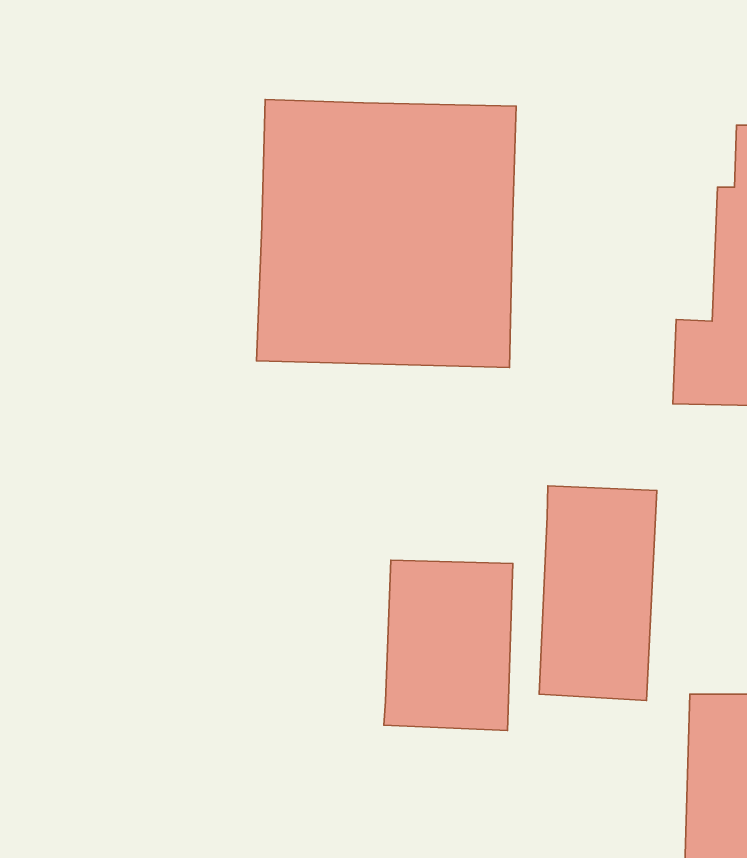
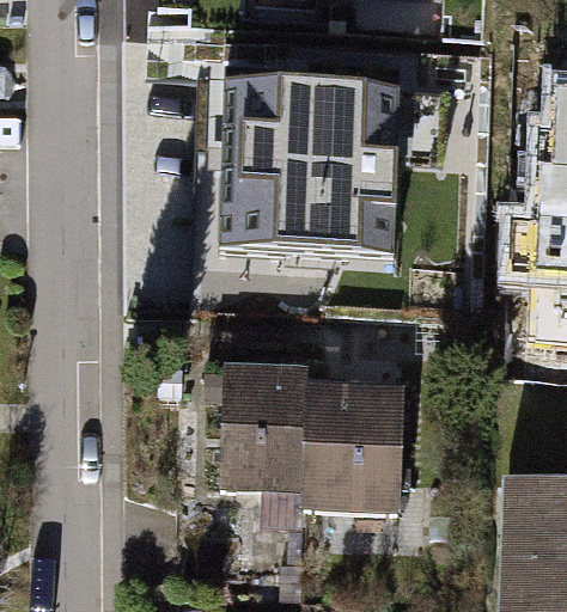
building: [539,486,657,701] -> none
building: none -> [221,372,312,490]

